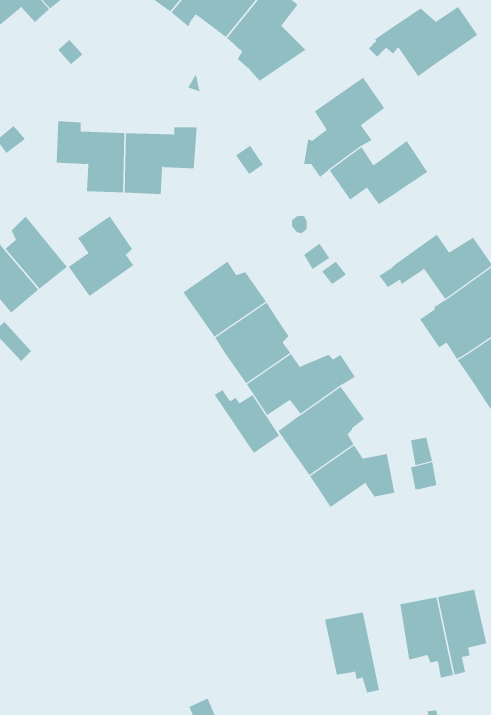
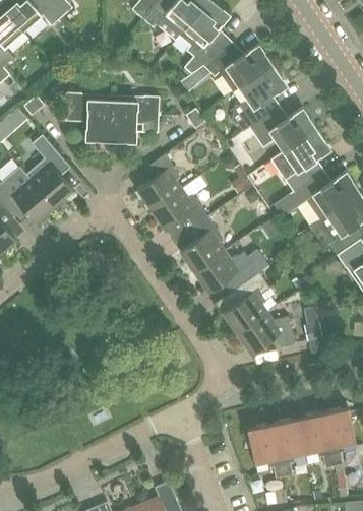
building: [368,6,478,77] -> [198,44,273,91]
building: none -> [281,127,330,189]
building: [68,216,134,297] -> [136,153,181,208]
building: [214,389,280,454] -> none
building: none -> [273,419,303,476]

